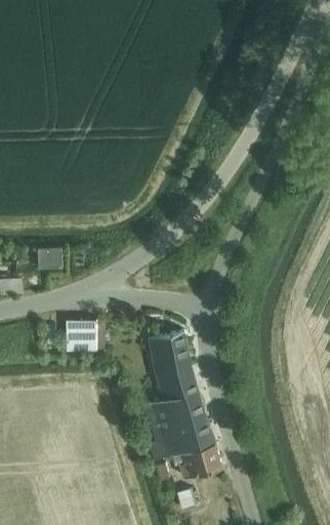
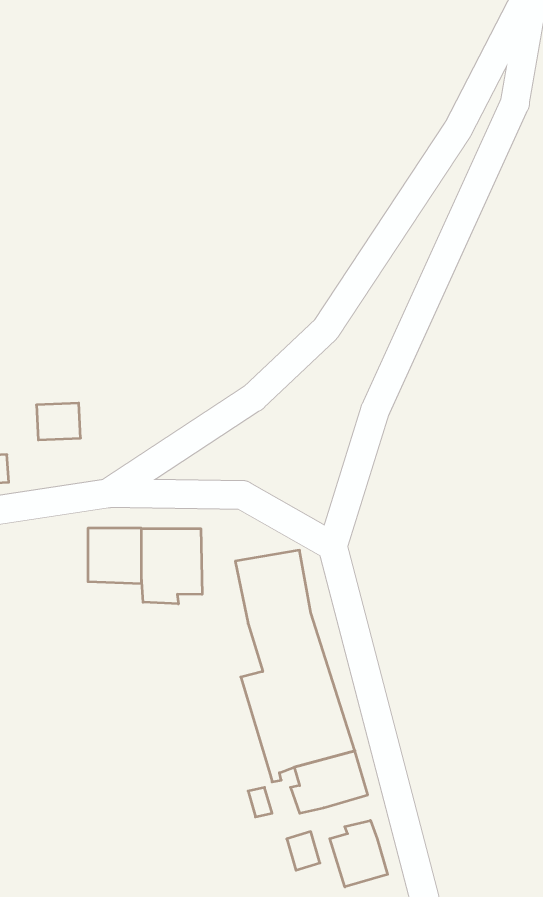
building: none -> [141,529,202,604]
building: none -> [330,820,388,887]

